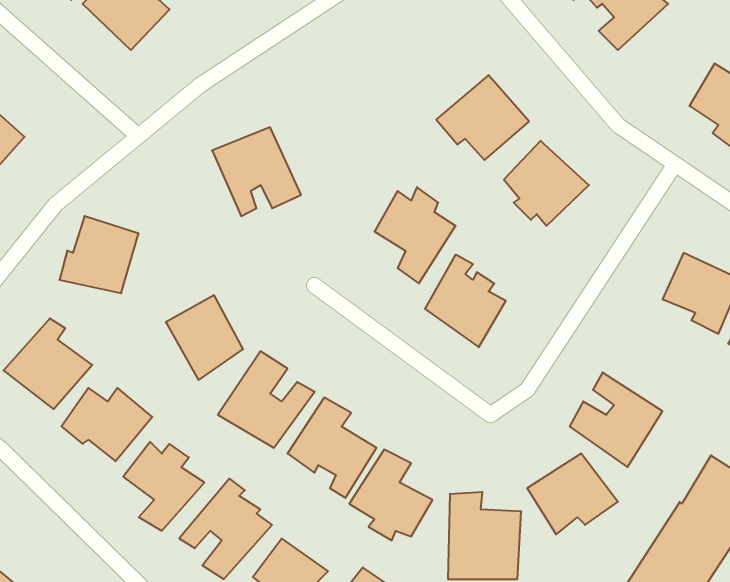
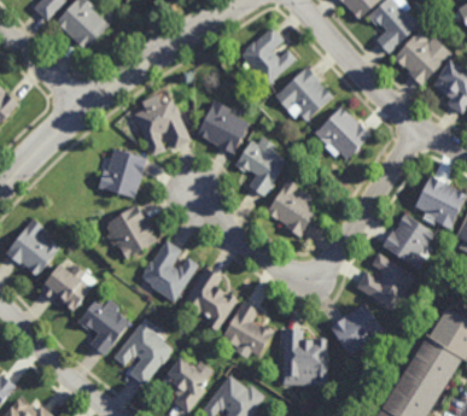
building: none -> [239,29,293,86]
building: none -> [393,34,451,87]
building: none -> [195,100,247,154]
building: [59,216,139,293] -> [95,150,145,198]
building: none -> [381,213,436,270]

